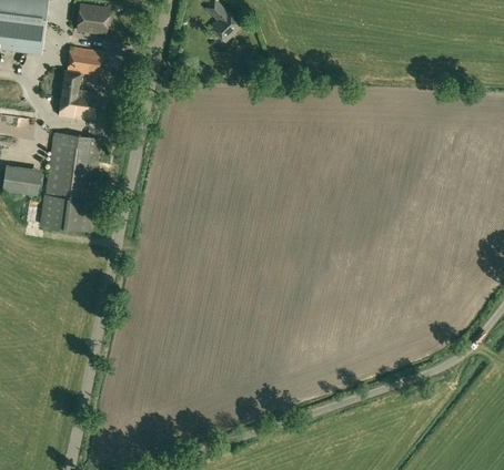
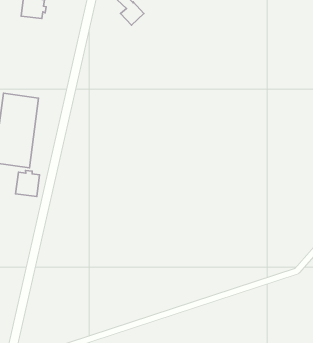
building: [59,47,103,120] -> none
building: none -> [16,170,40,196]

